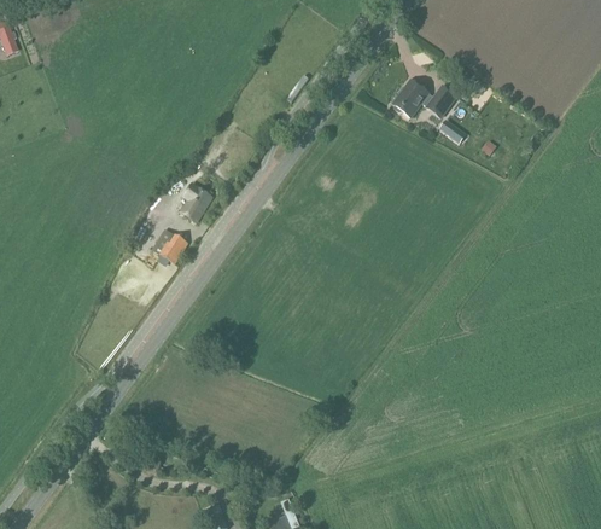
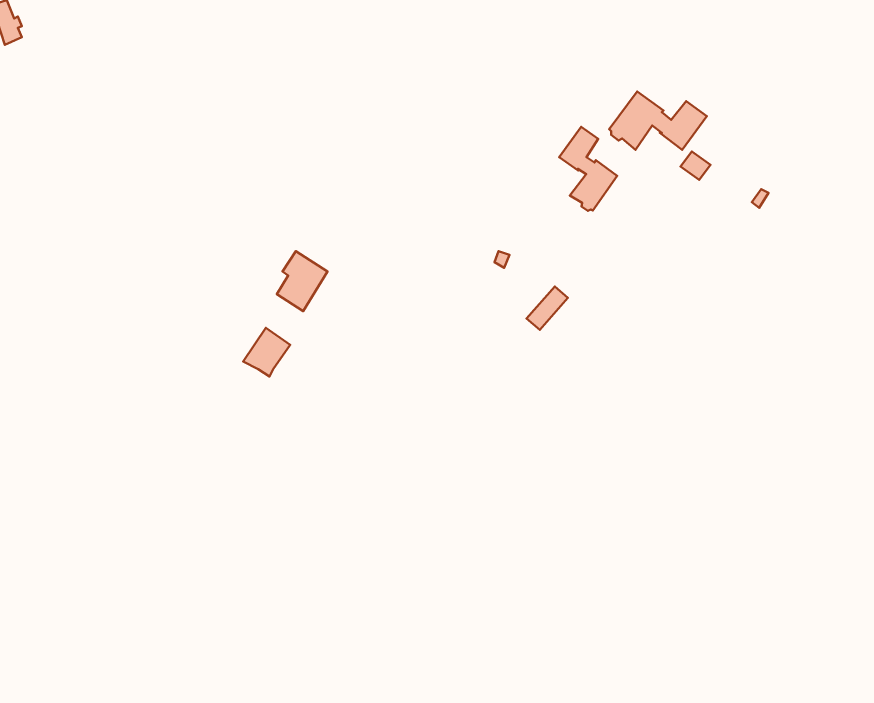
building: none -> [559,127,617,211]

